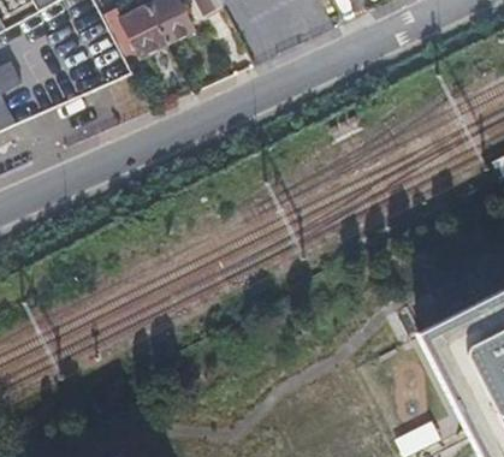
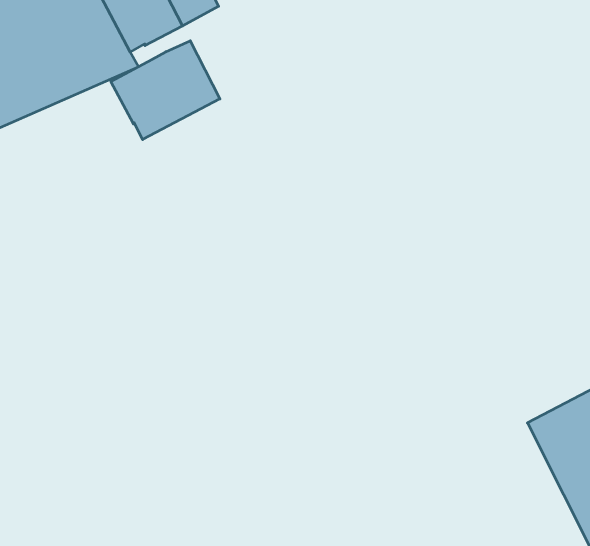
building: none -> [111,41,220,140]

